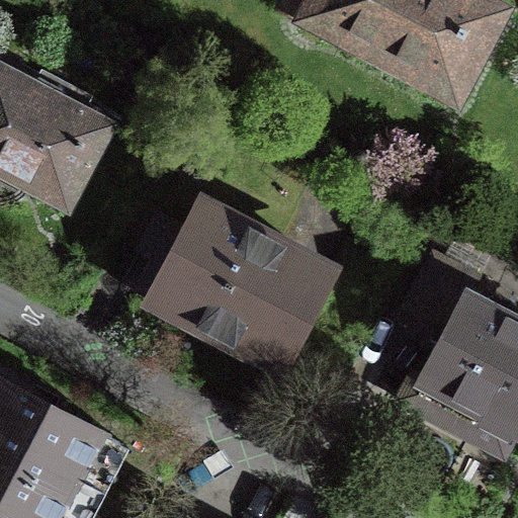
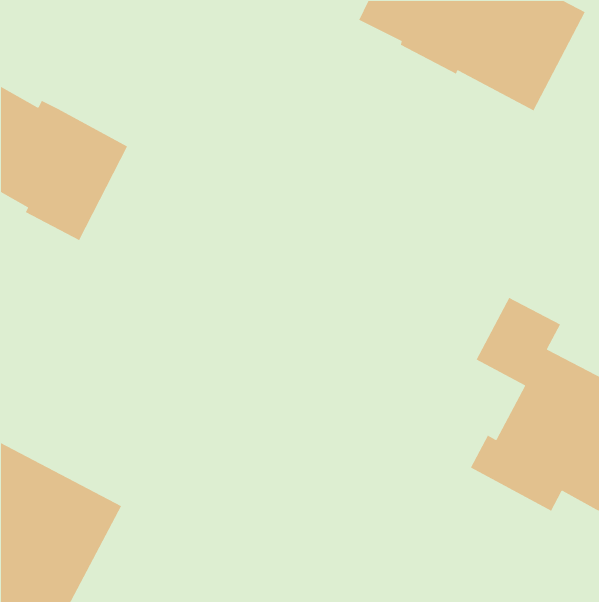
building: [143,208,335,369] -> none

